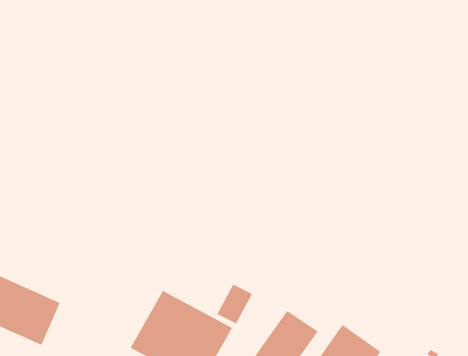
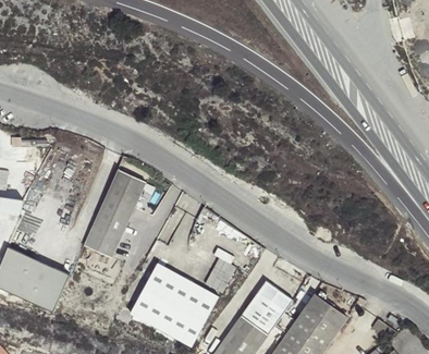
building: none -> [84,170,146,257]

